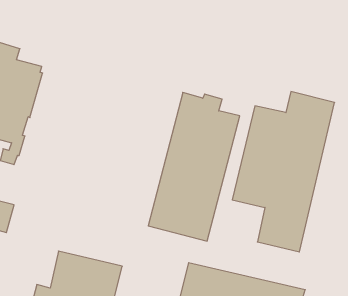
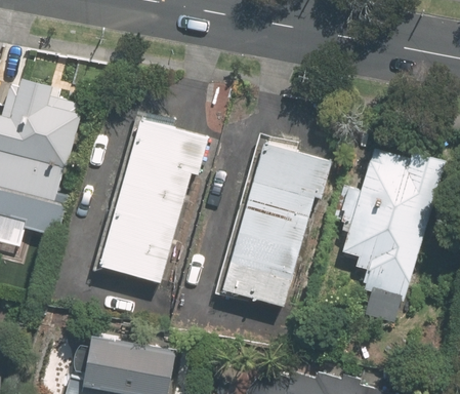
building: none -> [100,111,218,283]

